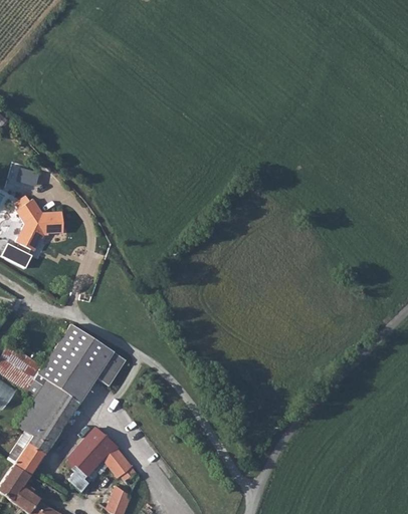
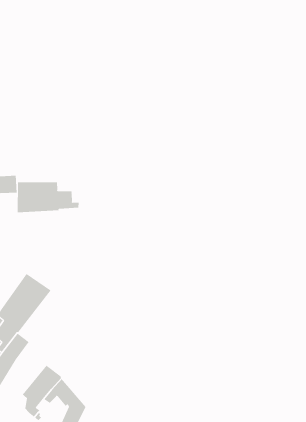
building: none -> [17,181,79,213]
building: [63,344,128,405] -> none

